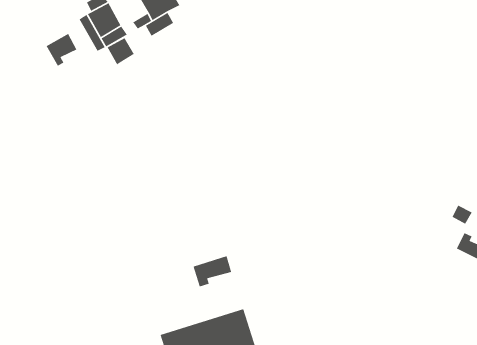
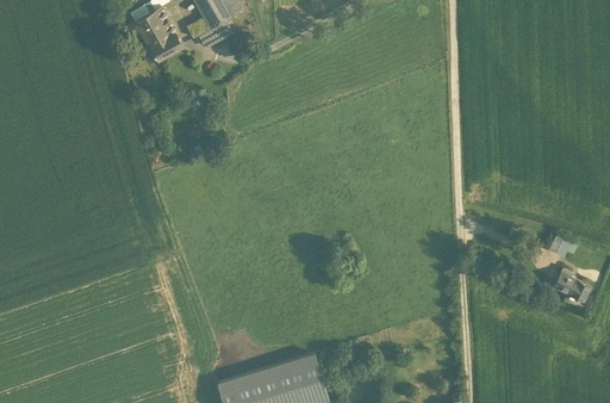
building: [46,33,78,67] -> none
building: [106,37,135,65] -> none
building: [192,255,232,288] -> none

